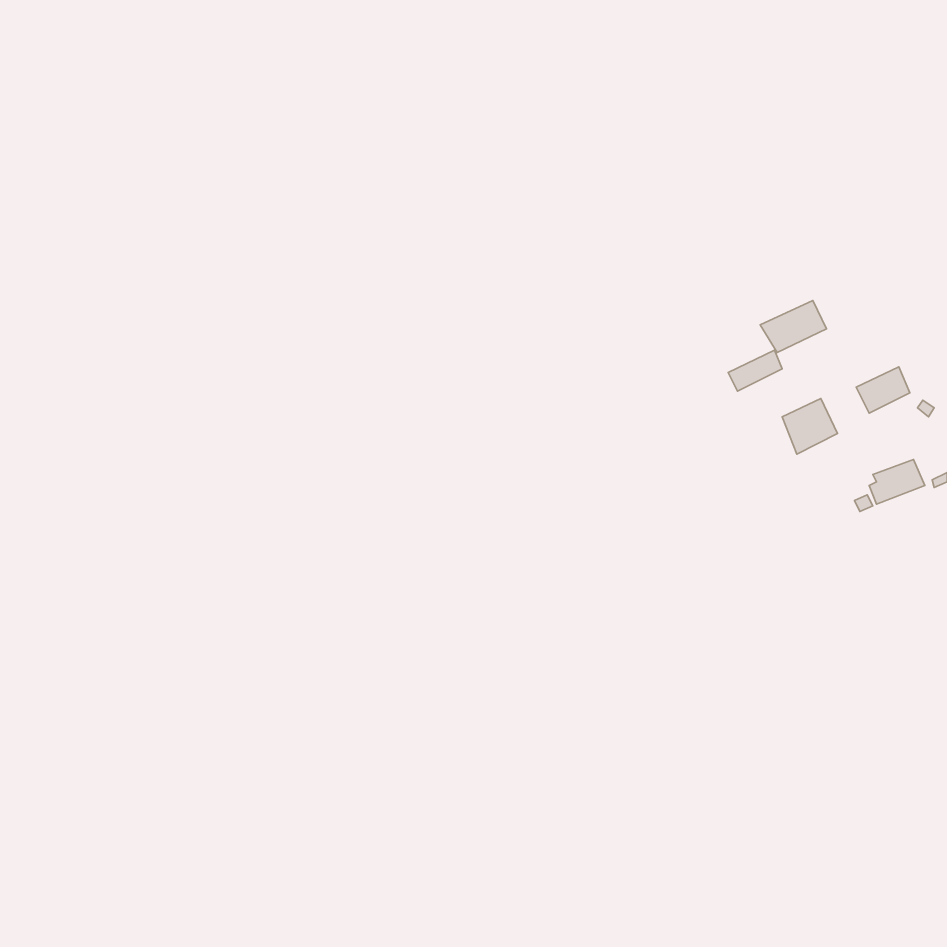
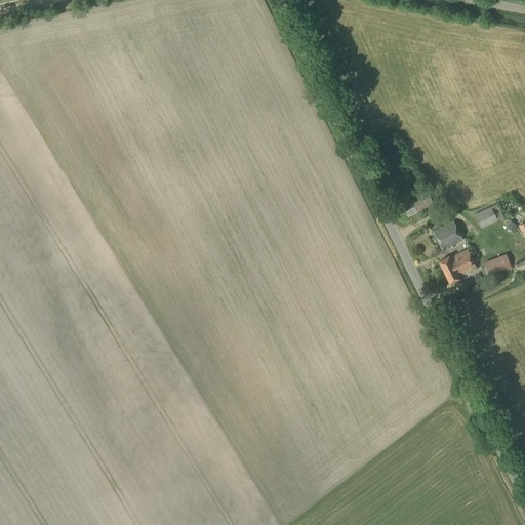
building: [760,301,826,352] -> none
building: none -> [439,249,477,284]

